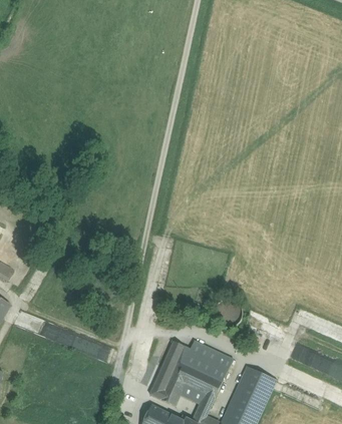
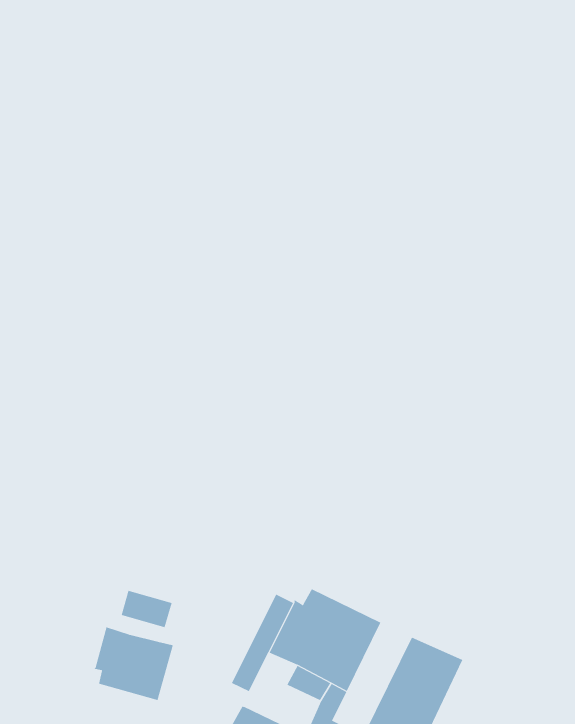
building: none -> [93,627,174,701]
building: [156,376,184,406] -> none

